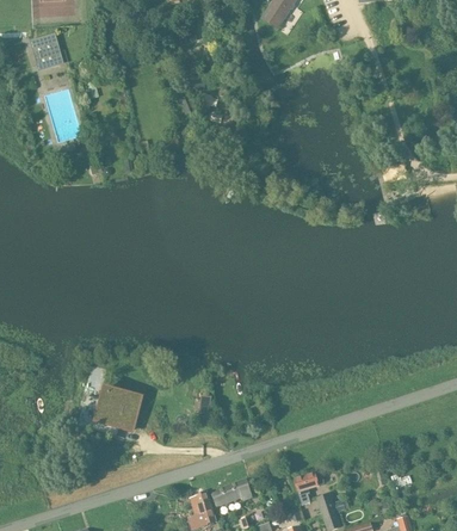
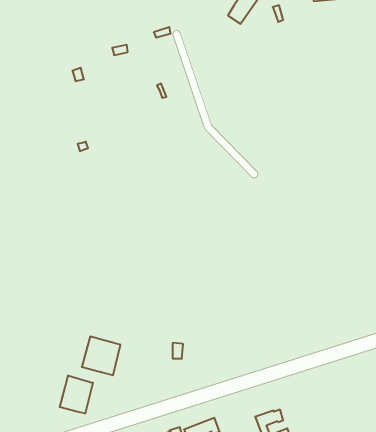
building: [32,39,61,67] -> none
building: none -> [60,375,93,414]

